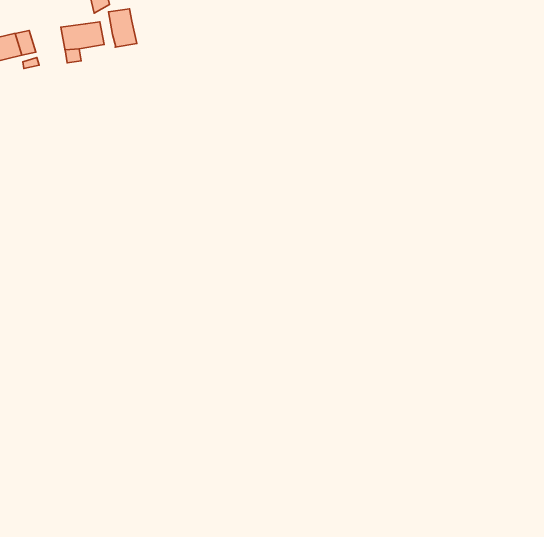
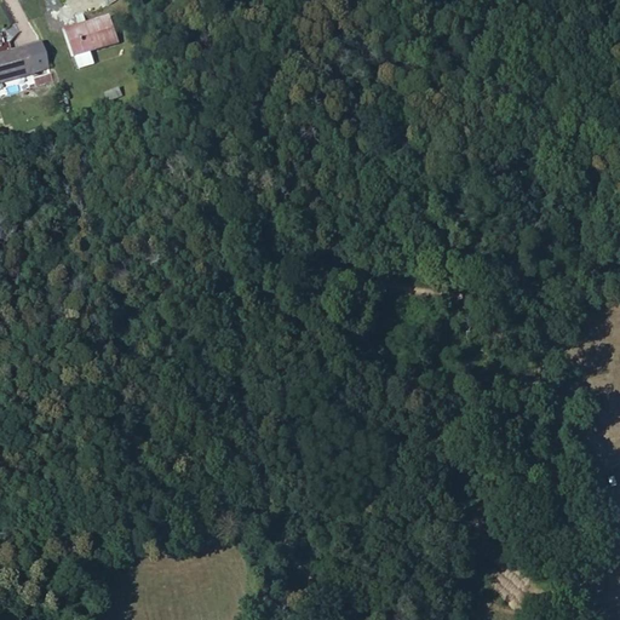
building: [109,9,137,47] -> none

